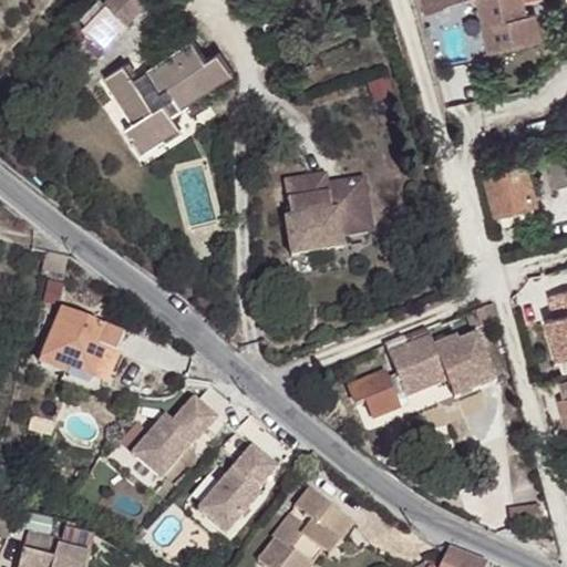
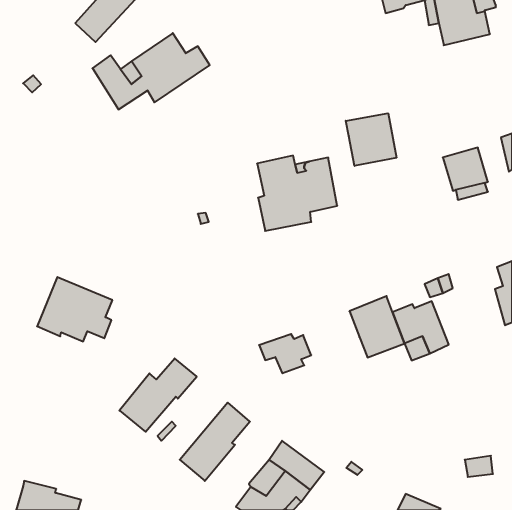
building: [122,100,179,153] -> none
building: none -> [346,113,396,166]
building: [348,371,405,414] -> [259,334,311,373]

